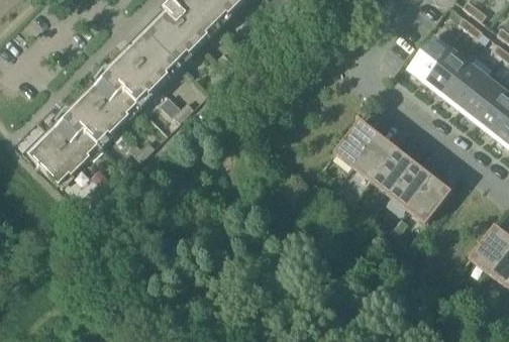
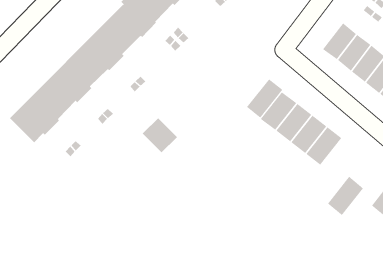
building: none -> [246,78,283,118]
building: none -> [142,117,178,153]
building: [406,174,450,222] -> [327,176,364,216]

